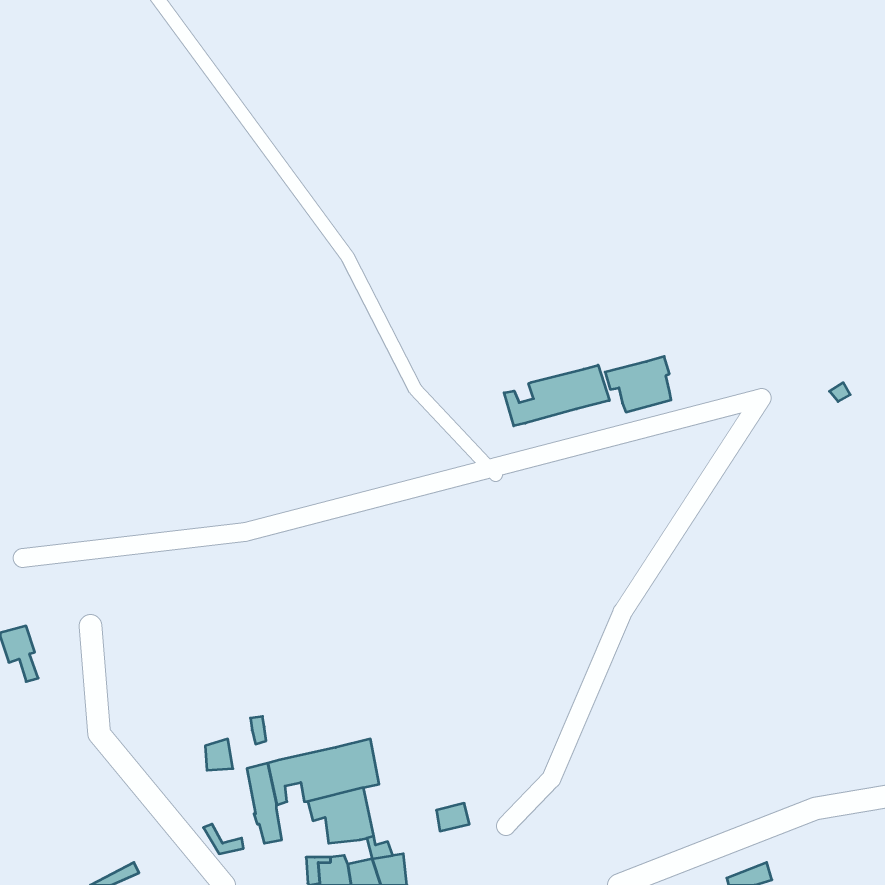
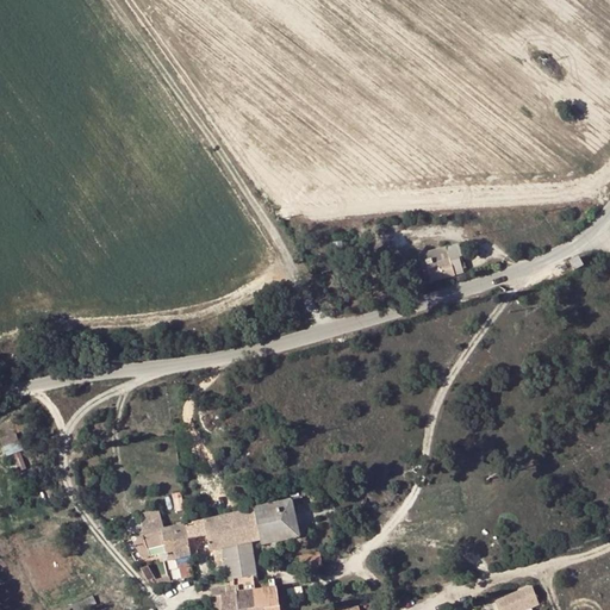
building: [504,365,609,426] -> none
building: none -> [256,499,301,543]
building: none -> [133,527,178,560]

